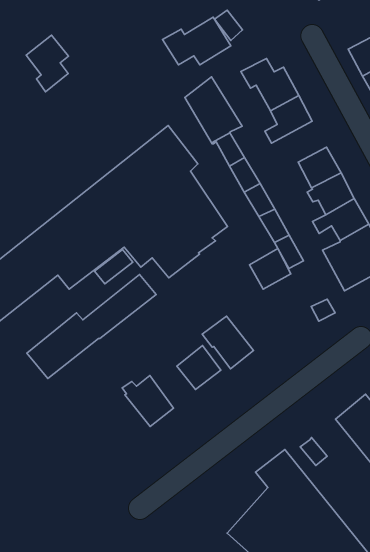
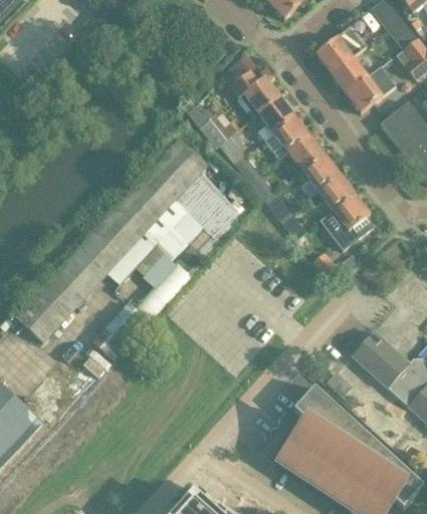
building: [162,17,231,65] -> none
building: [26,35,68,92] -> none
building: none -> [264,115,309,157]
building: [249,249,291,289] -> none
building: [202,316,254,369] -> none
building: [177,345,221,390] -> none
building: [122,376,173,426] -> none

